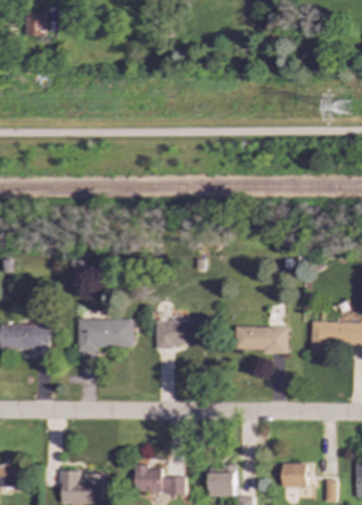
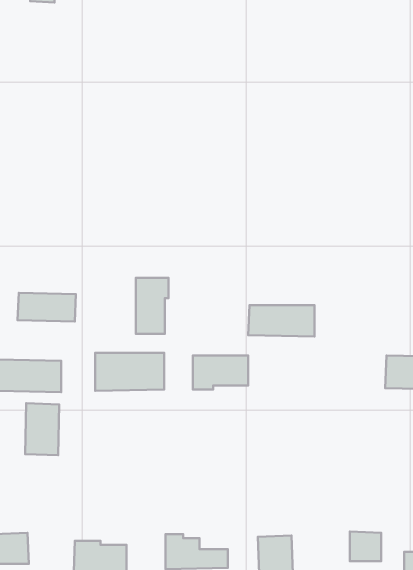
building: none -> [136,278,169,334]
building: none -> [18,293,76,321]
building: [234,327,287,352] -> [248,305,314,336]
building: none -> [25,403,59,455]

